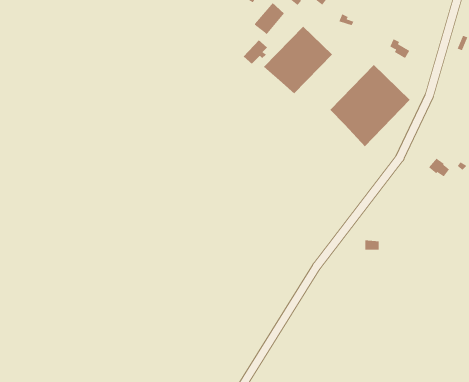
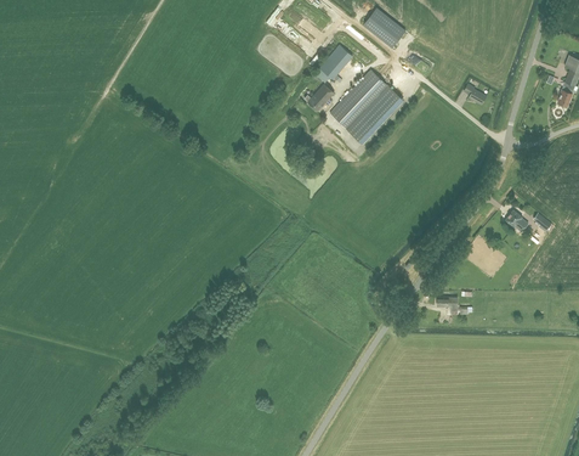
building: [329,64,410,147] -> none

